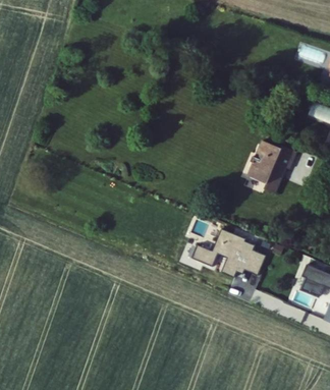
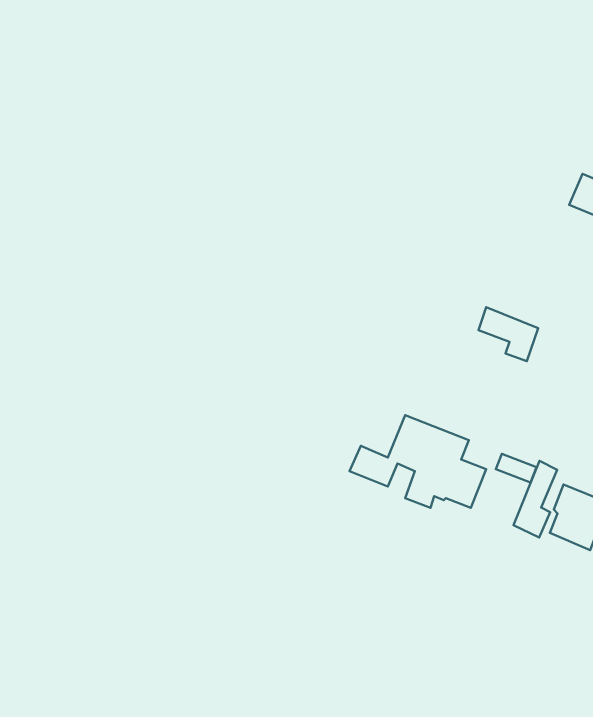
building: [258,145,301,180] -> none
building: none -> [513,461,557,538]

